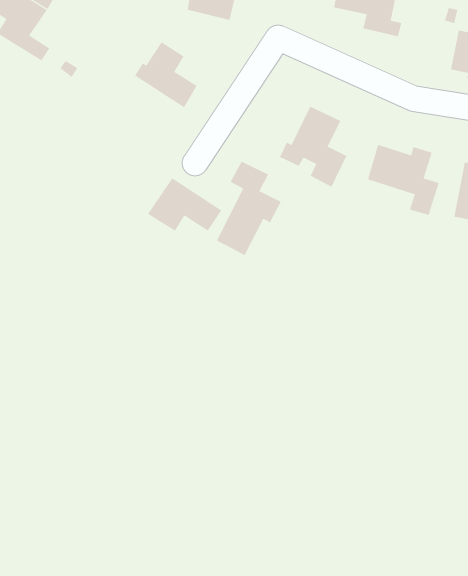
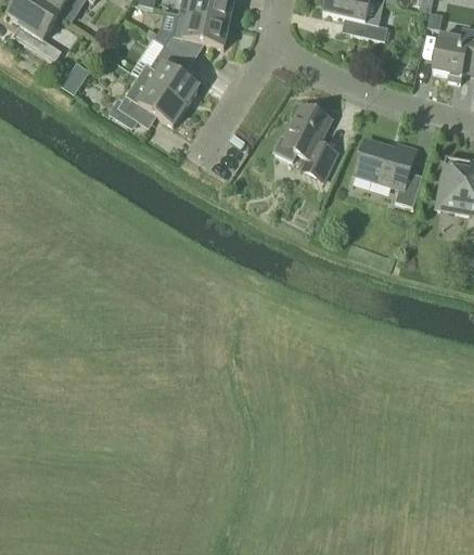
building: none -> [164,12,228,57]
building: [216,161,282,256] -> none
building: [147,178,222,231] -> [116,75,185,125]

